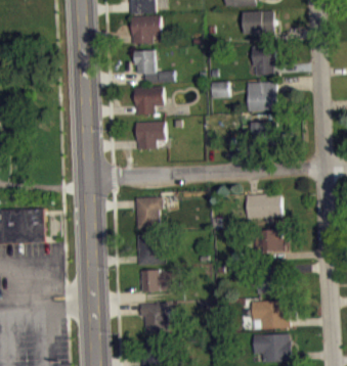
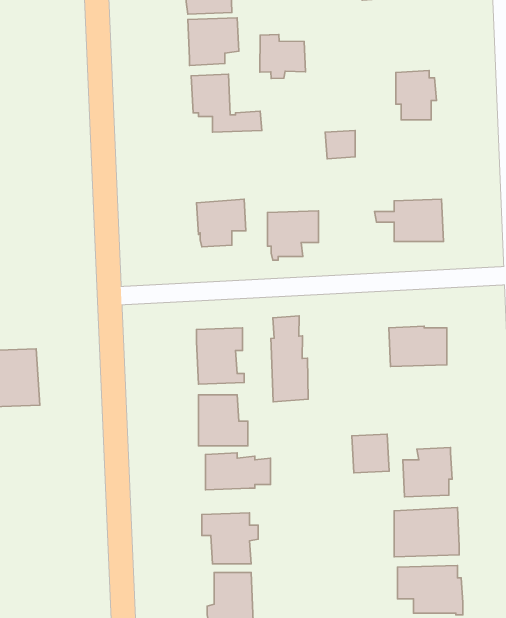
building: [243,12,274,40] -> none
building: none -> [260,34,305,79]
building: [246,83,276,112] -> none
building: [132,87,162,116] -> [268,211,319,260]
building: none -> [271,316,308,402]
building: [261,229,283,251] -> [352,434,389,473]

